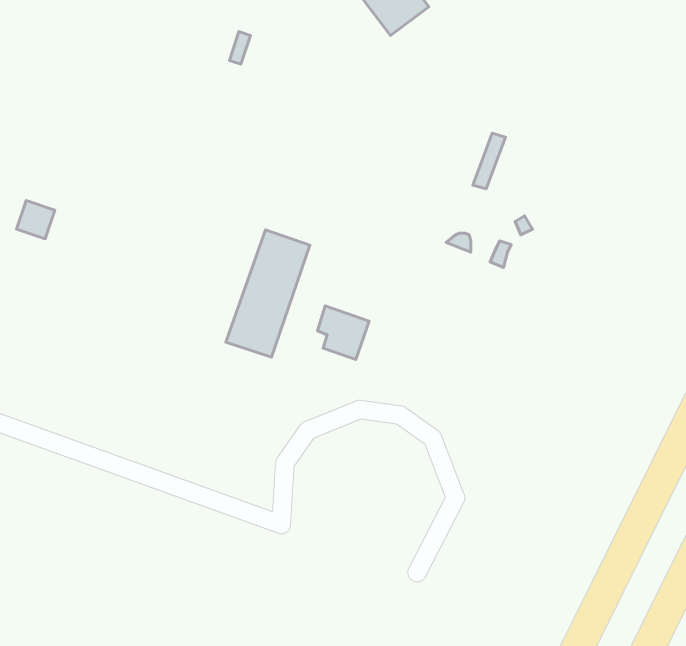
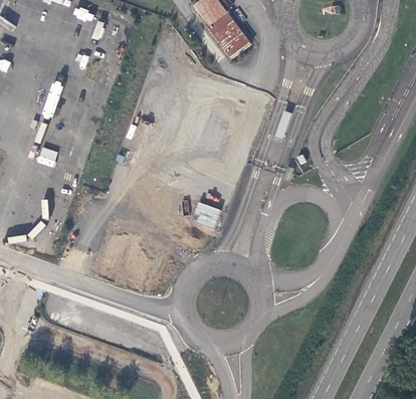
building: [226,230,310,357] -> none

